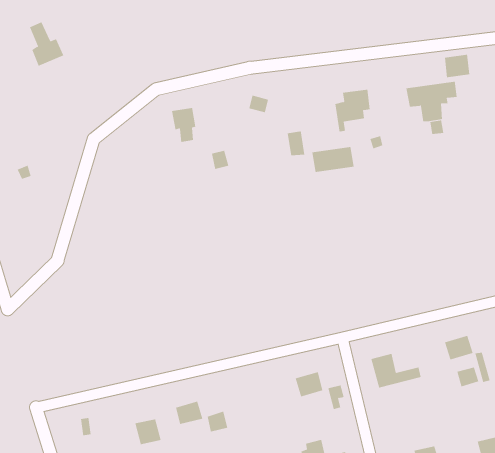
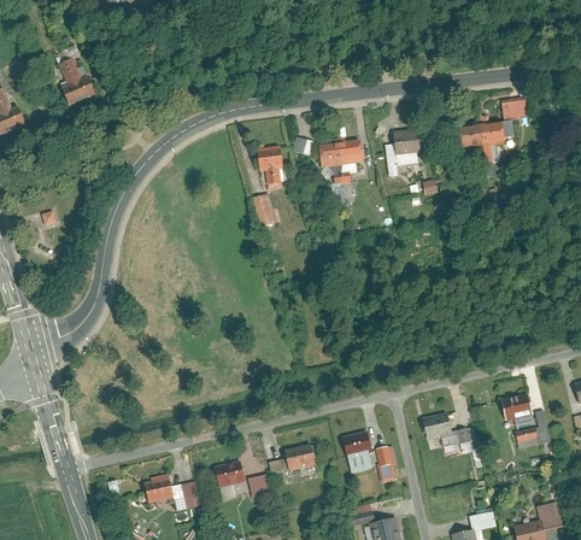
building: [171,108,196,143] -> [256,145,282,182]
building: [311,147,354,173] -> [317,137,363,165]
building: none -> [282,442,315,475]
building: none -> [143,474,172,501]

